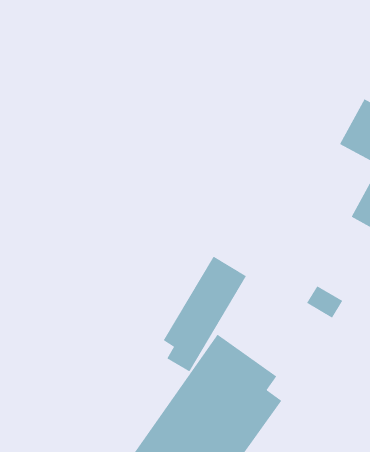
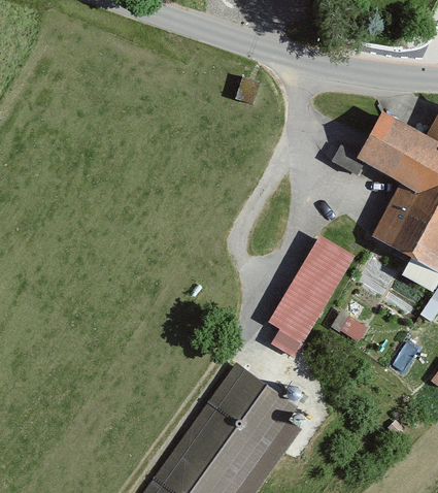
building: [163,256,247,372] -> [266,234,356,358]

